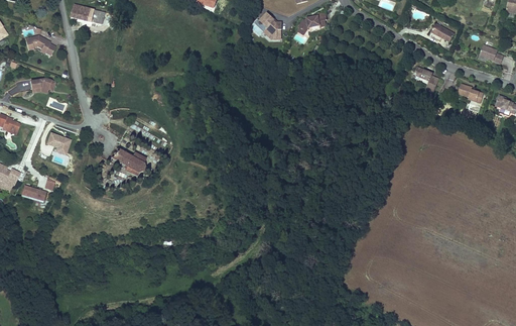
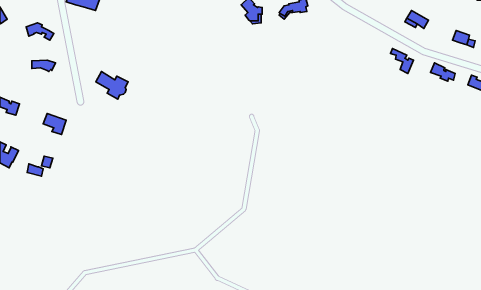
building: [113,146,147,176] -> [96,71,128,99]

